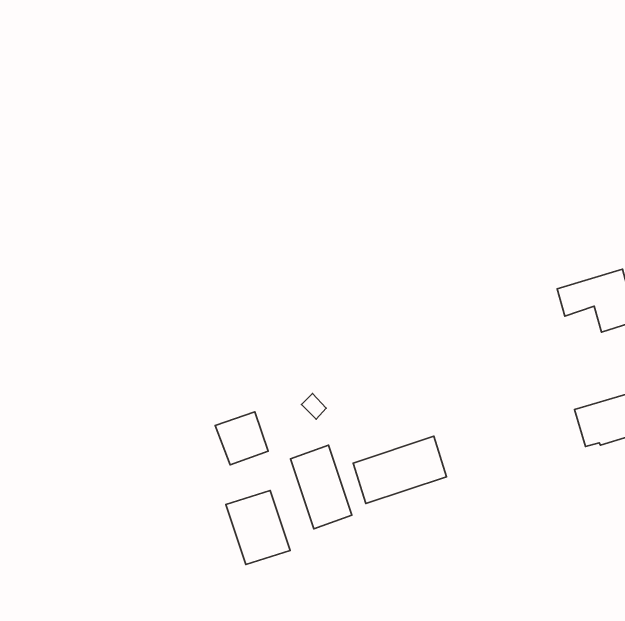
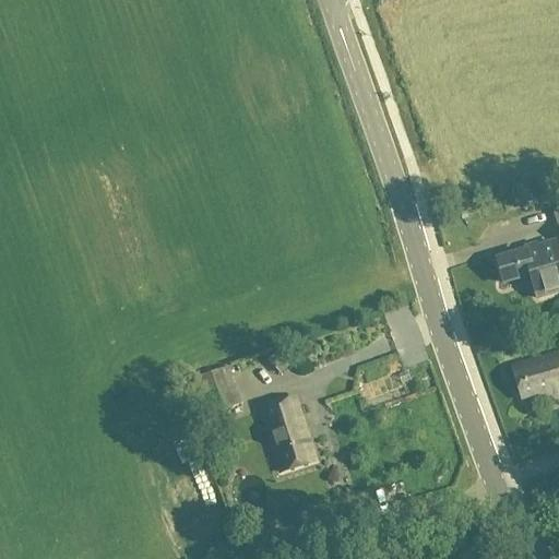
building: [353,436,446,504] -> none
building: [226,491,290,565] -> none

